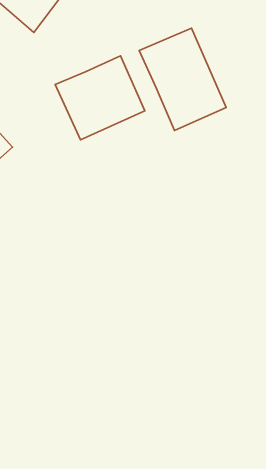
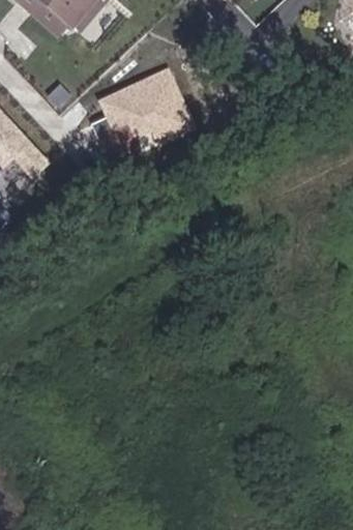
building: [139,28,226,130] -> none

